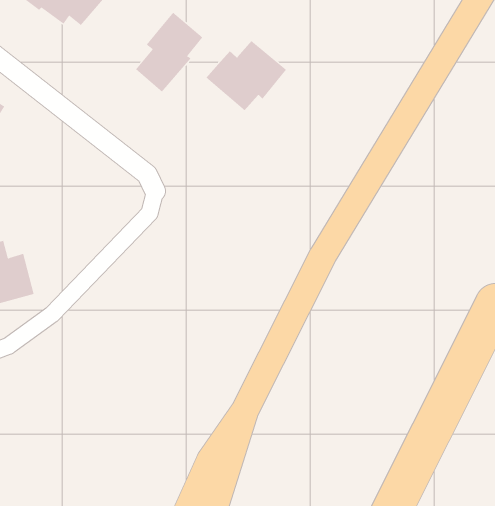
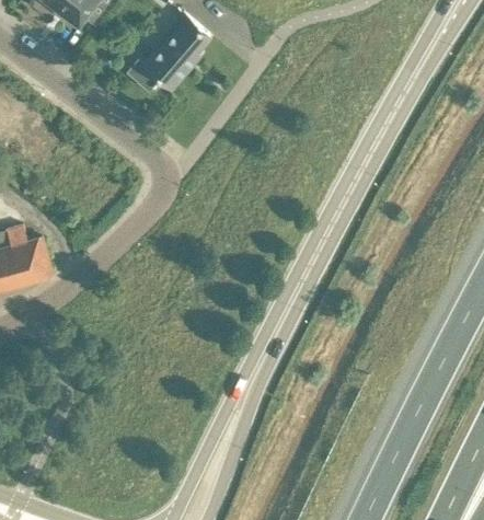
building: [205,40,287,111] -> none

